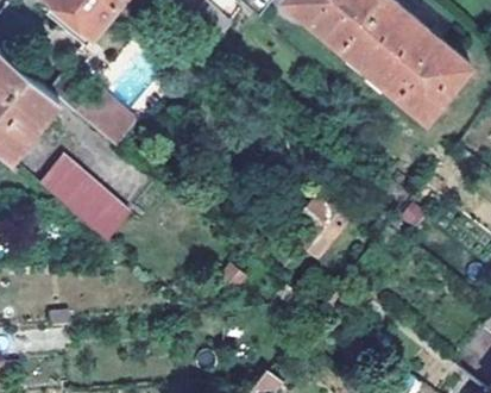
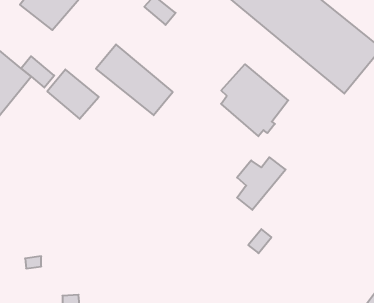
building: none -> [221,64,288,136]
building: [38,154,128,237] -> [96,44,173,115]

